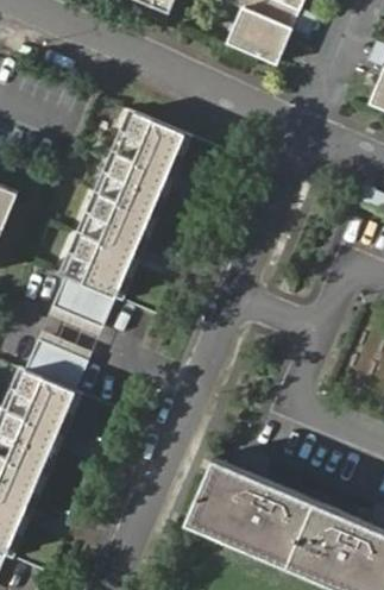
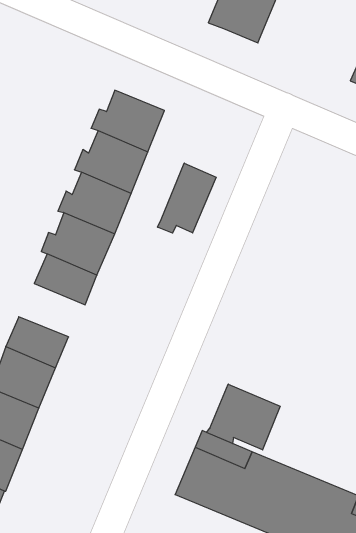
building: none -> [158,163,216,233]
building: none -> [206,384,280,450]

